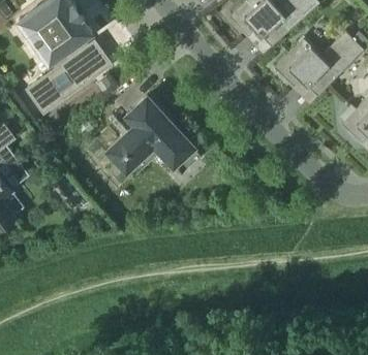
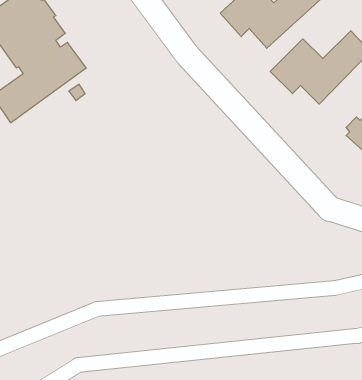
building: [108,96,201,173] -> none

